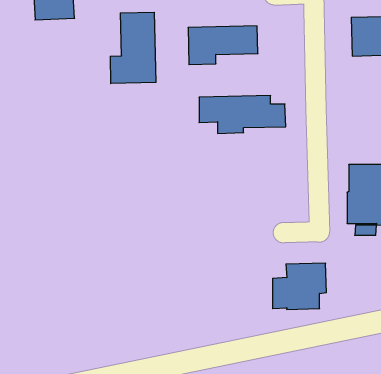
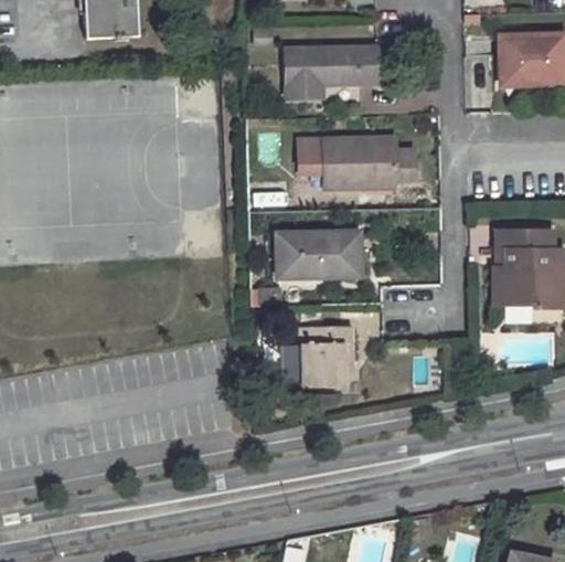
building: [110,12,156,84] -> none
building: none -> [278,231,360,276]
building: [273,263,326,309] -> [282,325,353,385]

